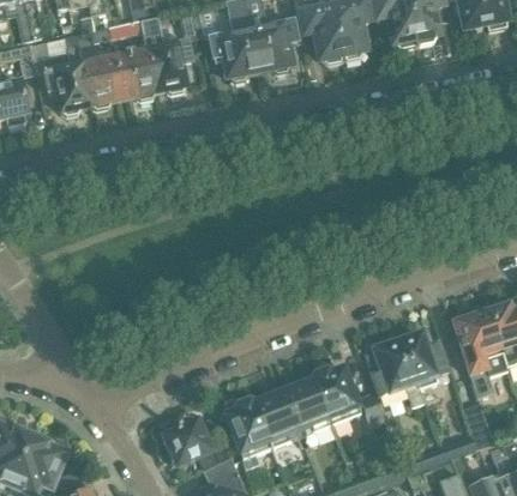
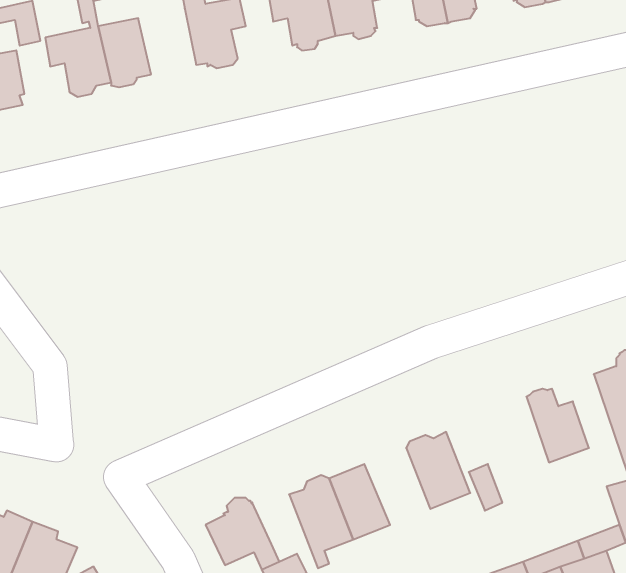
building: [116,48,155,98] -> none
building: [365,338,423,404] -> none
building: [285,376,330,433] -> none

